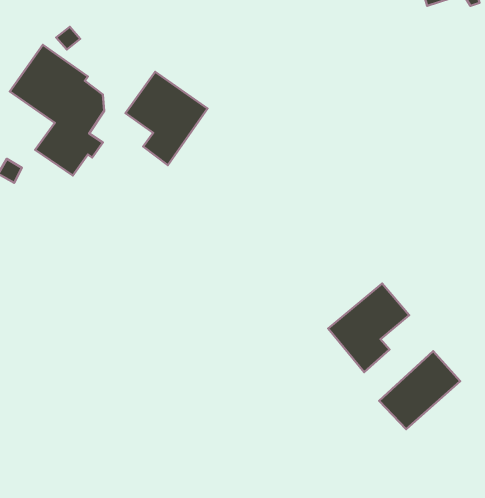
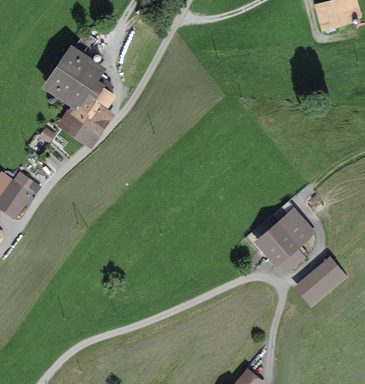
building: [126,72,207,165] -> none

